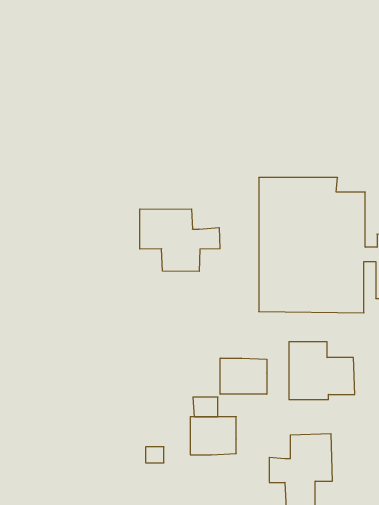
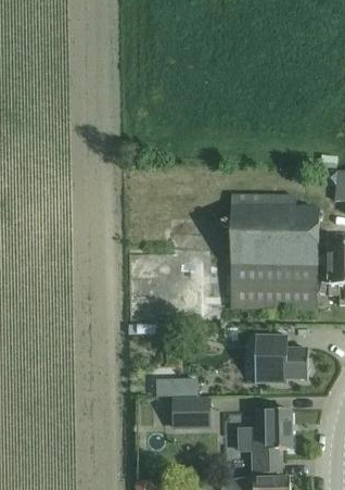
building: [140,209,220,271] -> none
building: [220,358,267,394] -> none

